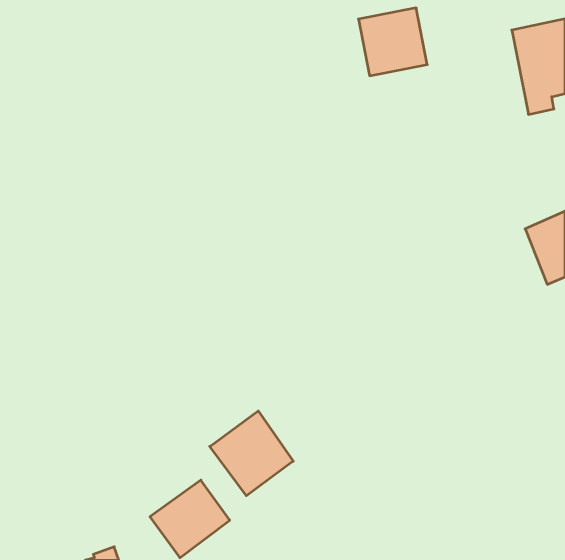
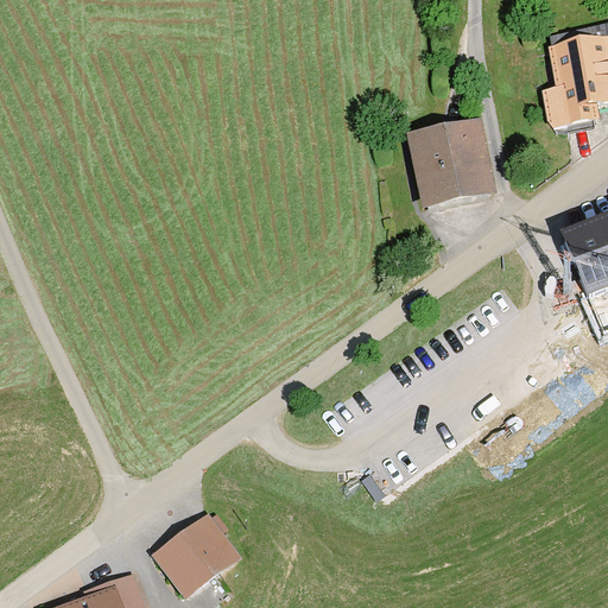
building: [358,8,427,76] -> [413,127,487,200]
building: [210,411,293,496] -> none

